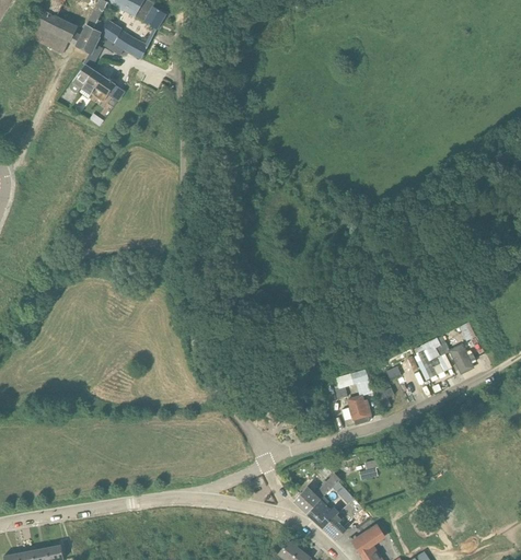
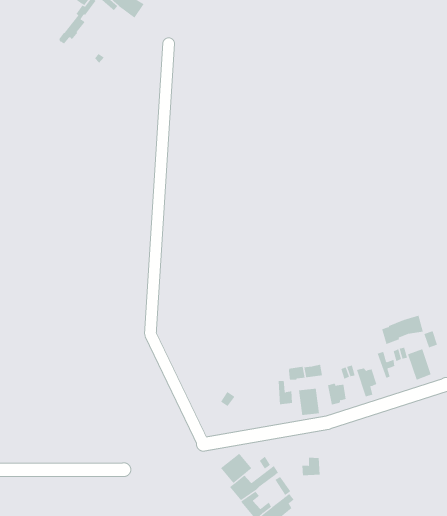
building: [81,69,111,98] -> none
building: none -> [381,315,424,345]
building: none -> [220,453,252,484]

